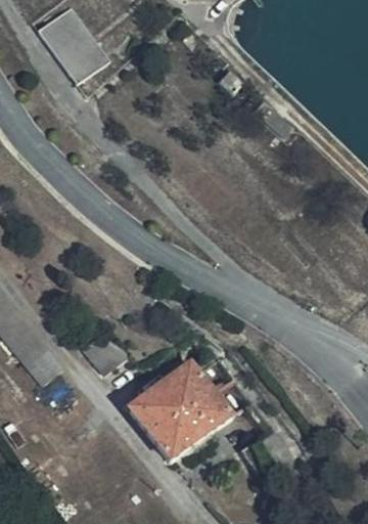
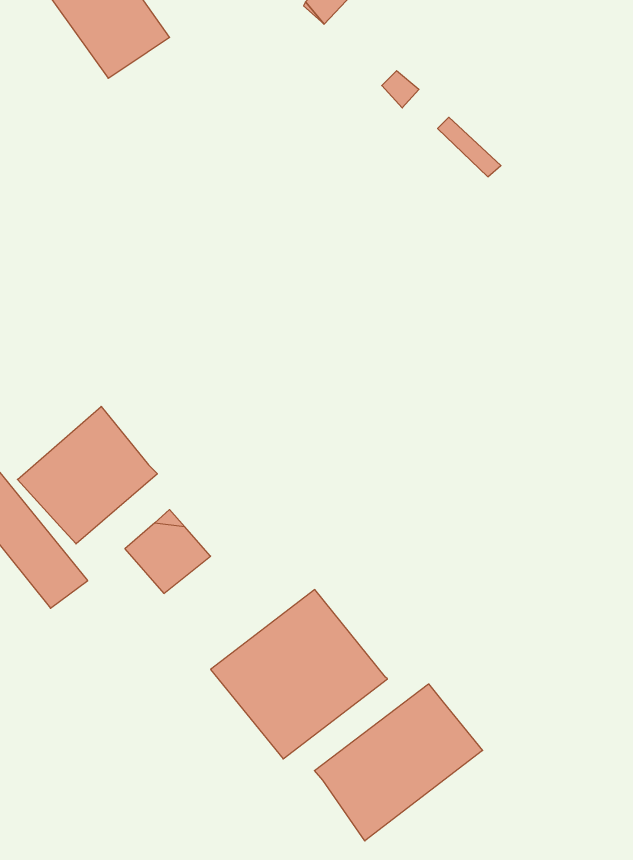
building: none -> [17,406,157,544]
building: none -> [314,684,483,841]

